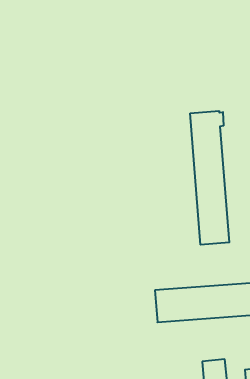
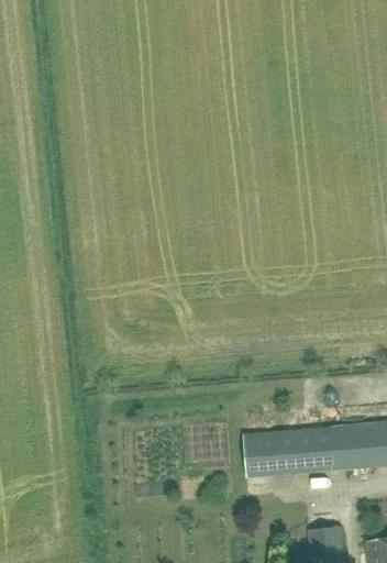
building: [190,111,229,245] -> none

